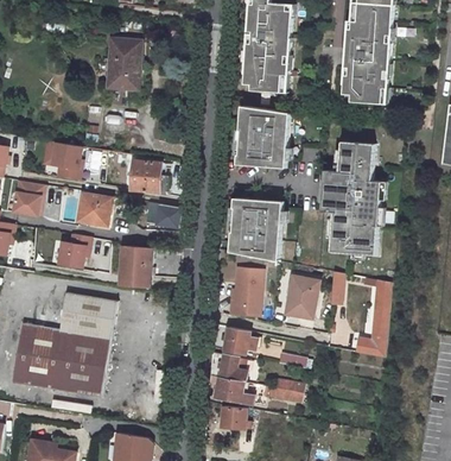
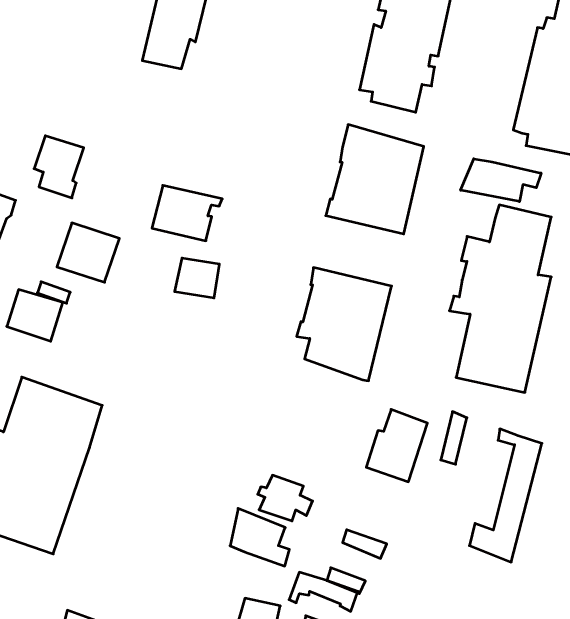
building: none -> [461,159,541,202]
building: [119,246,151,288] -> none
building: [228,269,261,317] -> none
building: [215,379,244,404] -> none

